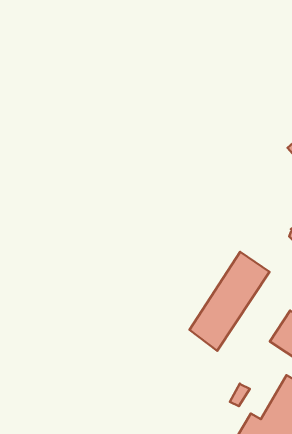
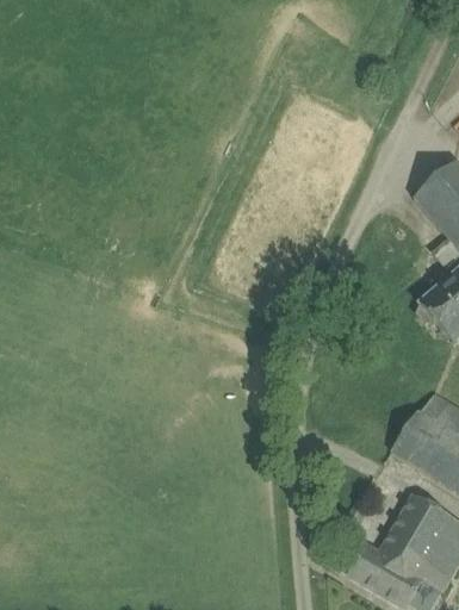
building: [189,252,269,351] -> none

